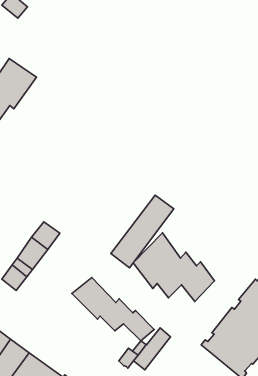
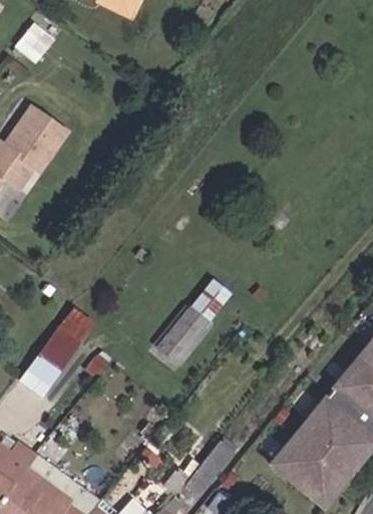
building: [133,233,215,302] -> none
building: [72,277,154,341] -> none

